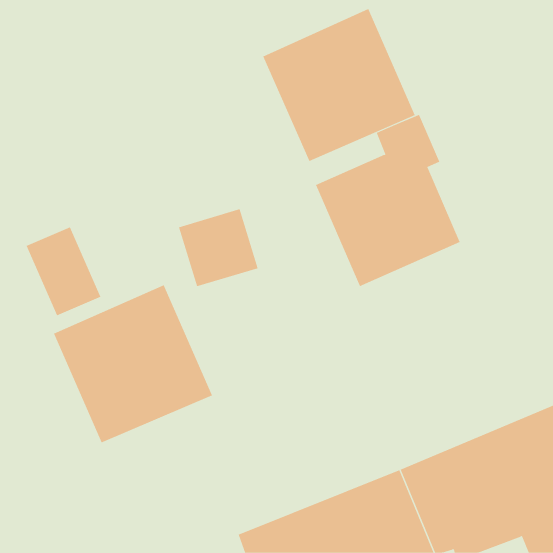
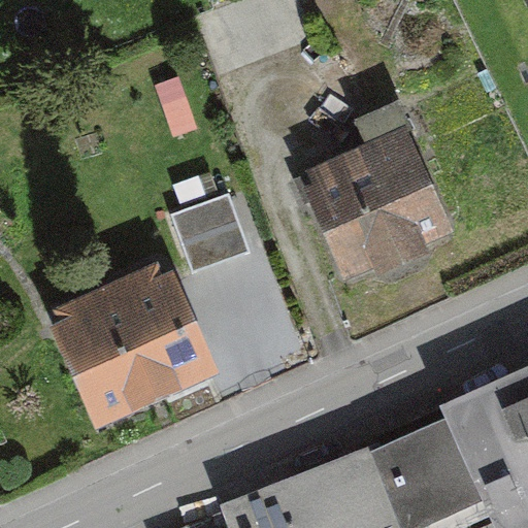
building: [262,8,415,162] -> none
building: [26,227,101,316] -> none

